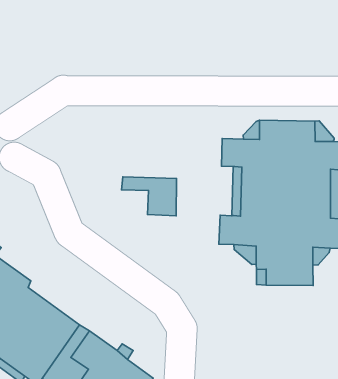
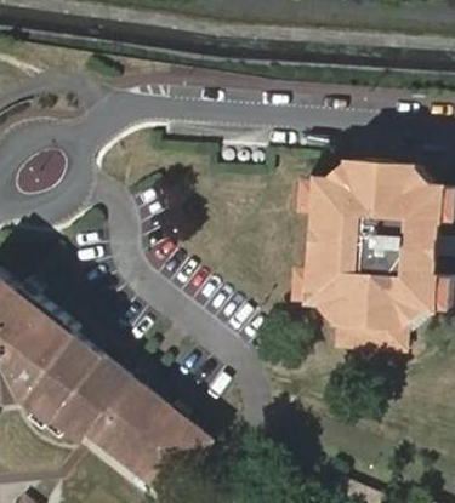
building: [122,177,177,216] -> none

